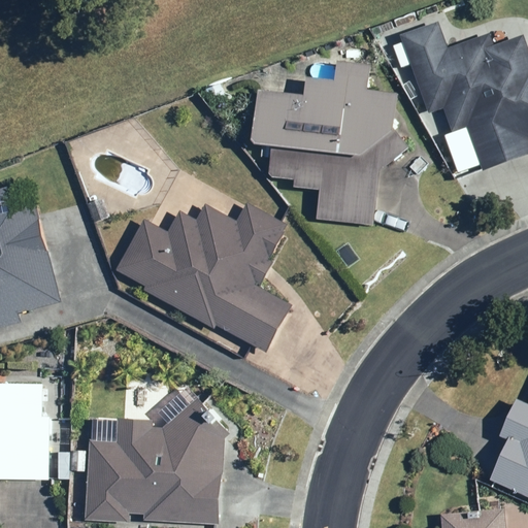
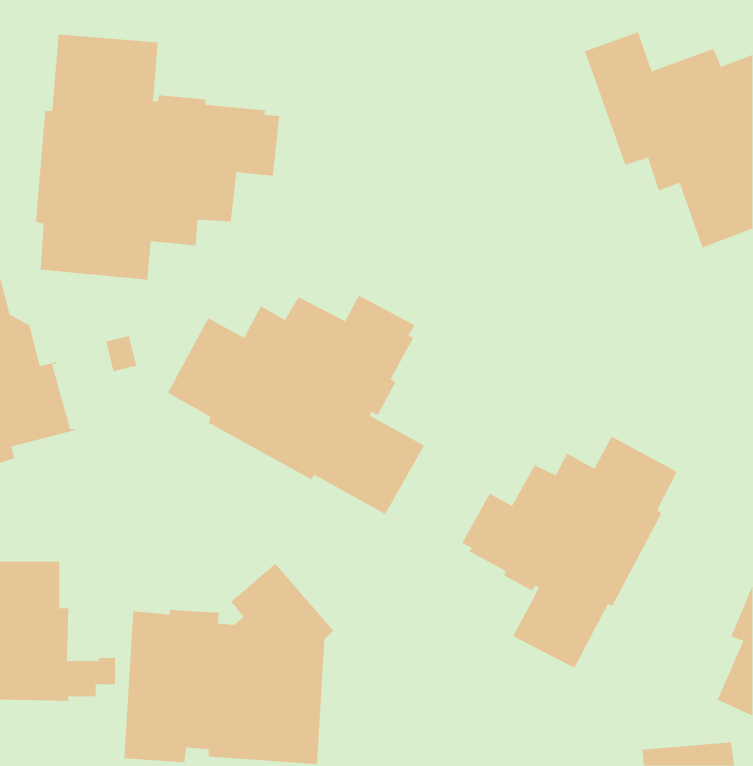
building: none -> [36,34,280,280]
building: [260,62,409,224] -> none
building: none -> [462,436,677,668]

